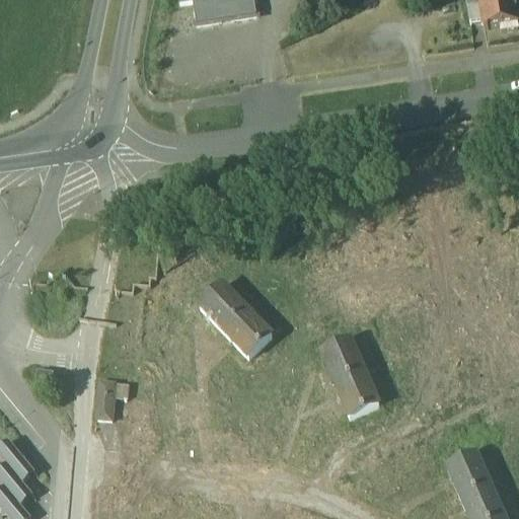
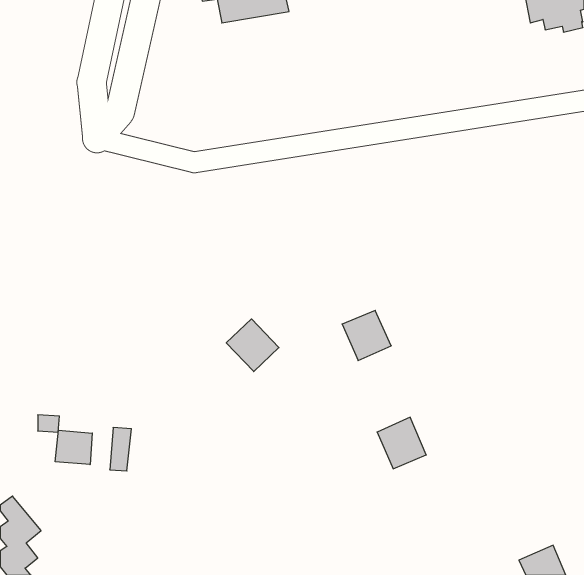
building: [225,308,273,356] -> none
building: [320,339,364,383] -> [342,310,391,361]
building: none -> [55,430,92,465]
building: [446,452,491,497] -> none

